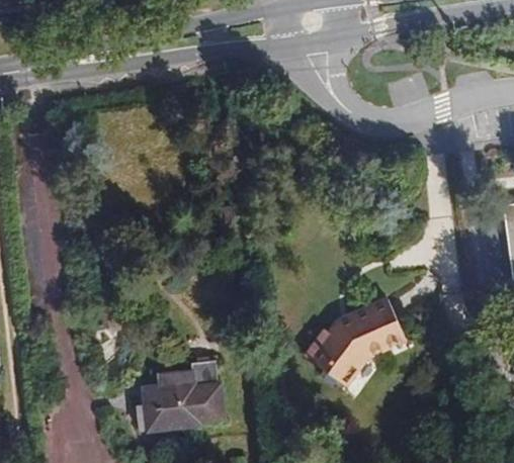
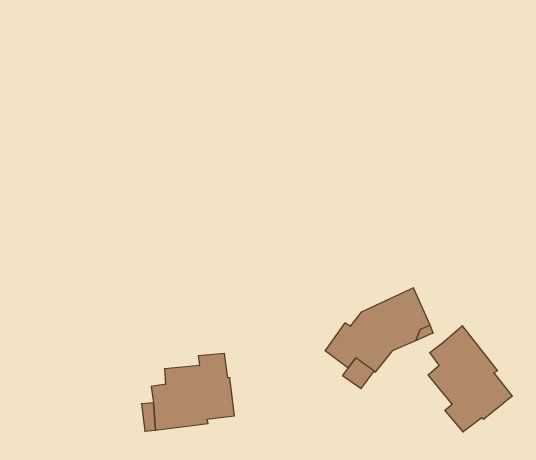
building: none -> [428,326,512,432]

